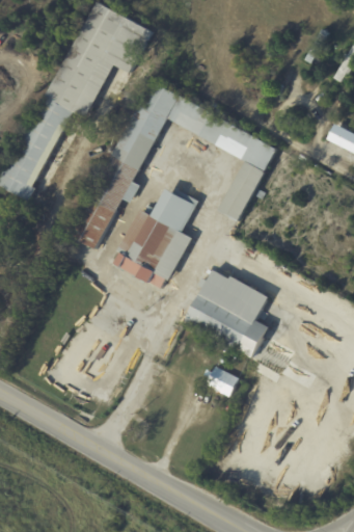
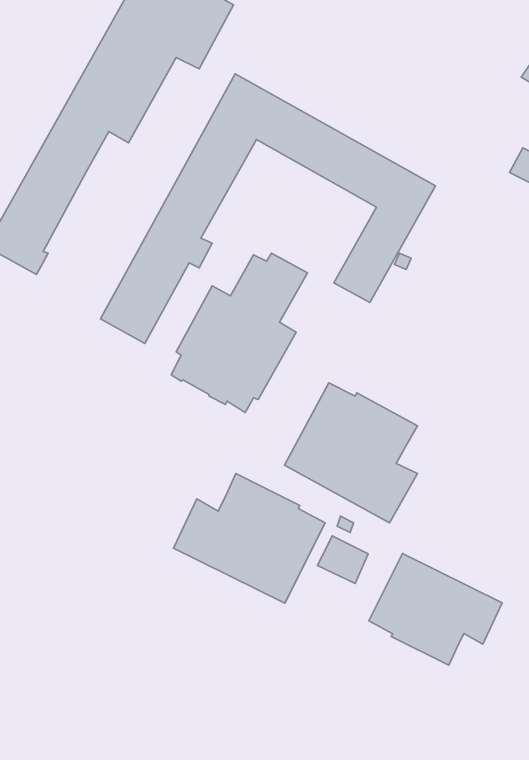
building: none -> [174,473,325,603]
building: none -> [369,553,502,665]

